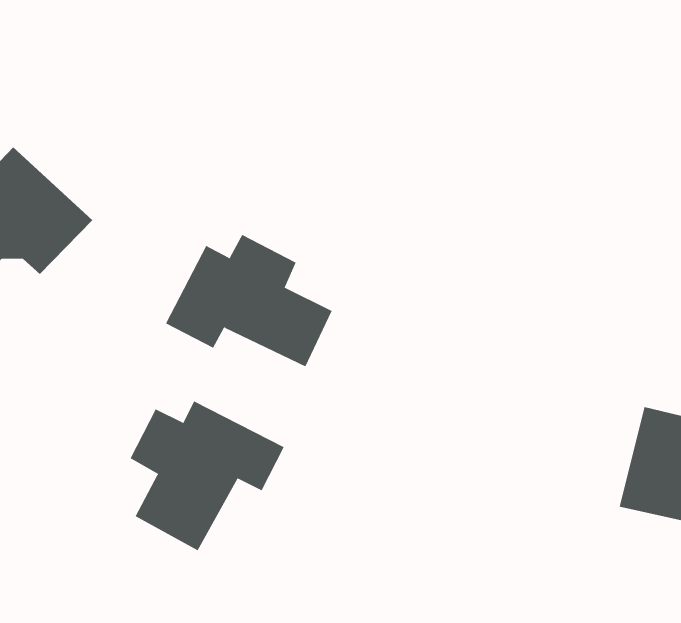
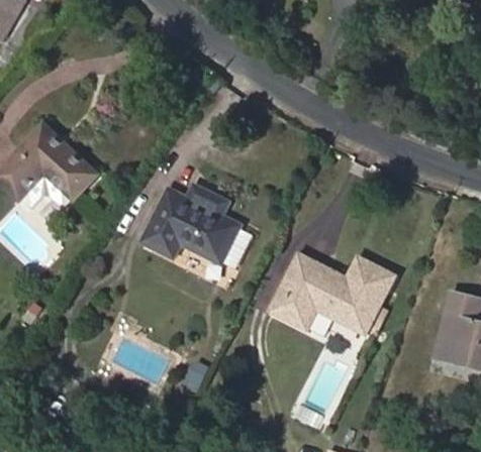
building: none -> [274,254,395,333]
building: [130,400,285,551] -> none

